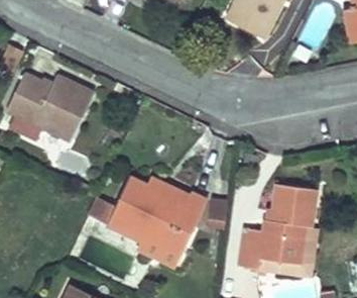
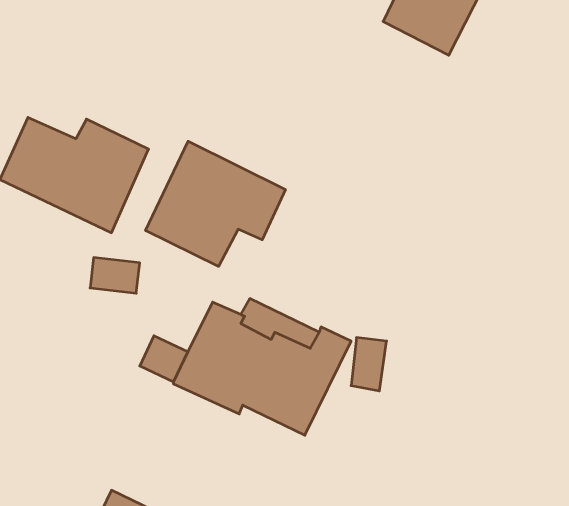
building: none -> [146,141,285,266]
building: [240,185,316,269] -> none

